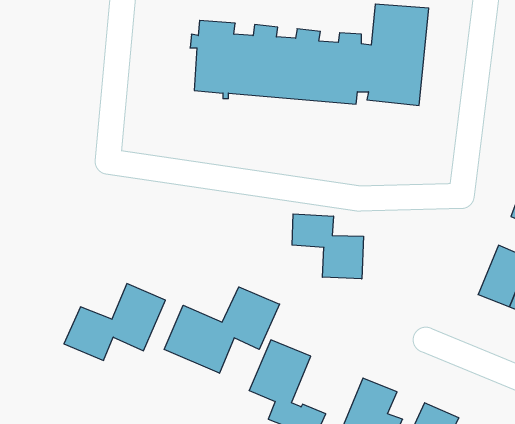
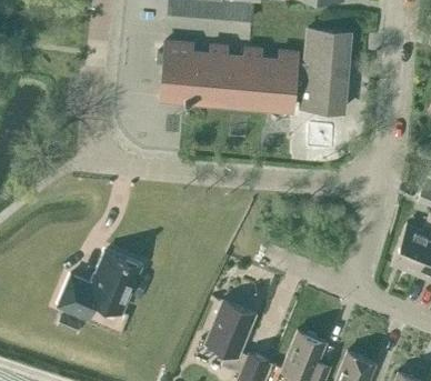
building: [292,214,363,279] -> none
building: [164,287,280,373] -> none

